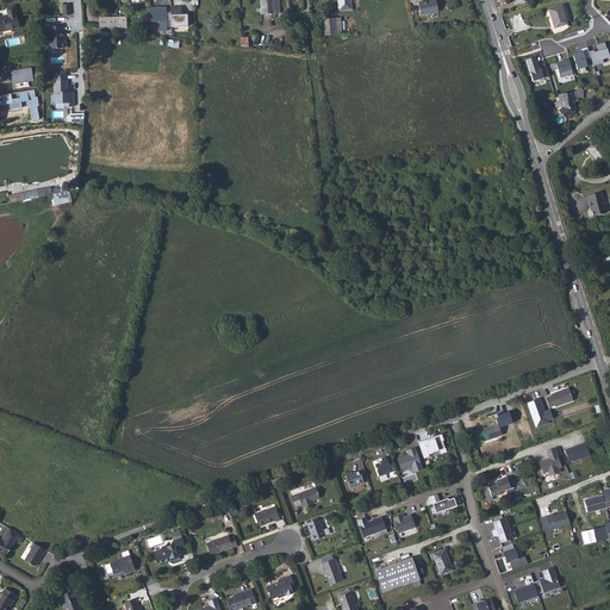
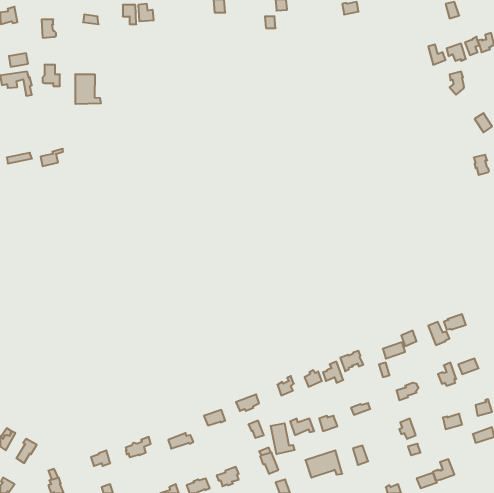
building: none -> [75,74,101,104]
building: none -> [271,423,295,454]

